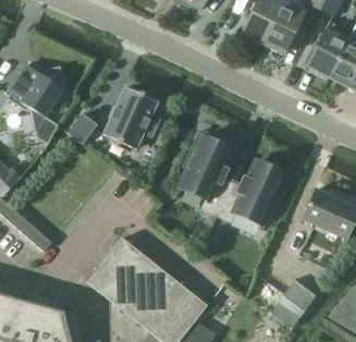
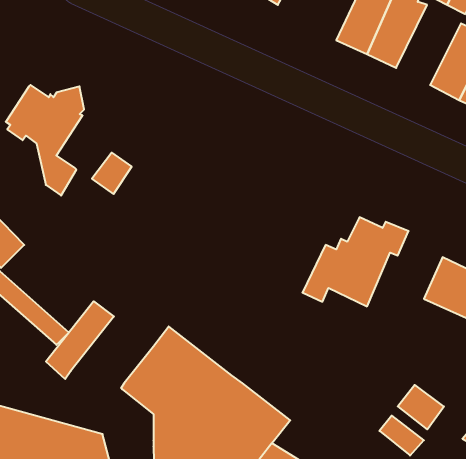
building: [103,87,159,149] -> none
building: [181,129,233,213] -> none
building: none -> [46,301,114,379]

